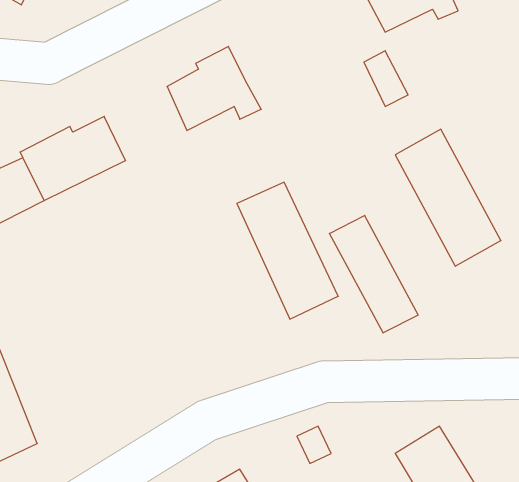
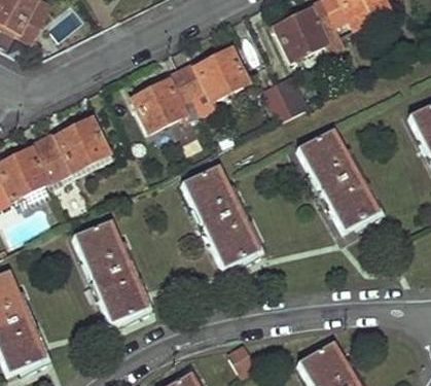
building: none -> [180,51,245,98]
building: [329,215,418,333] -> none
building: none -> [75,220,146,320]

